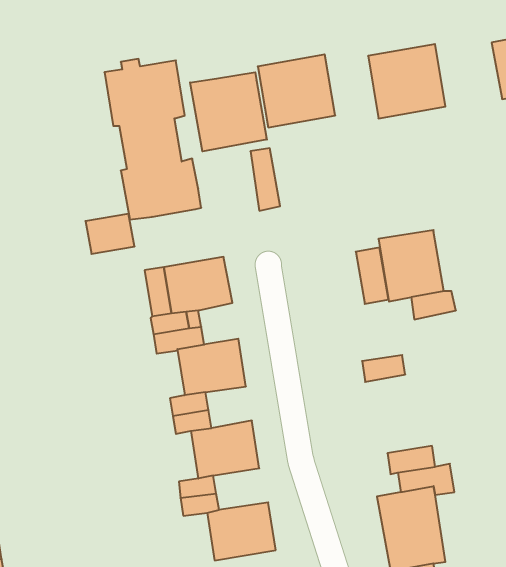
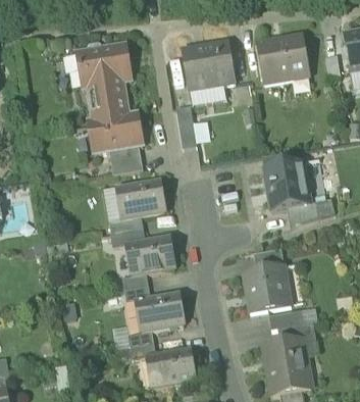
building: [190,72,267,151] -> none
building: [85,214,135,254] -> [109,147,143,174]
building: [356,247,389,304] -> [302,159,324,198]
building: none -> [243,265,291,311]

